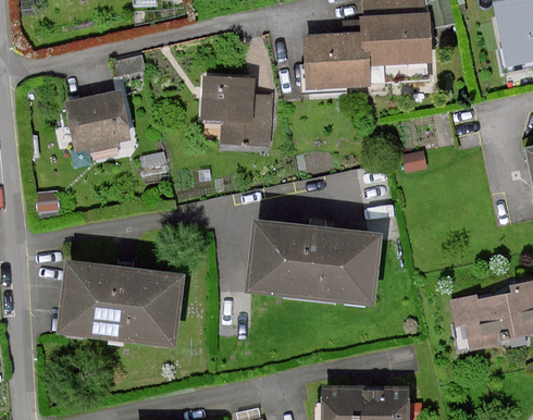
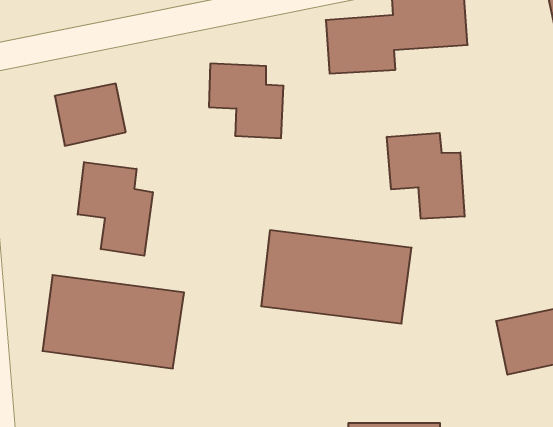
building: none -> [387,133,465,219]
building: none -> [78,162,153,256]

